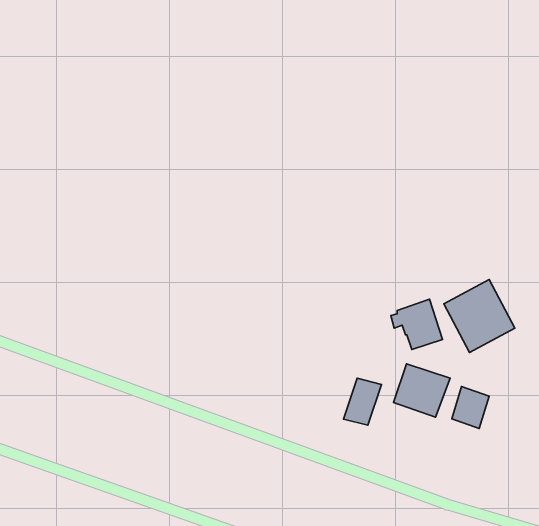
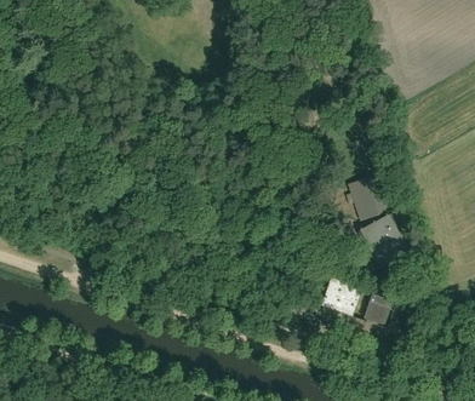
building: [391,299,443,349] -> [345,182,384,219]
building: [344,378,382,425] -> none

